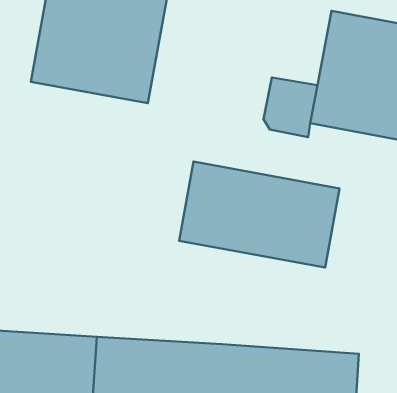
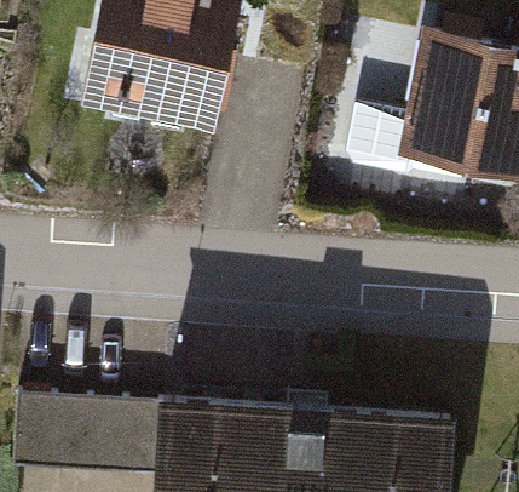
building: [179,162,339,268] -> none

